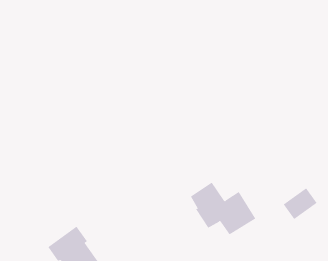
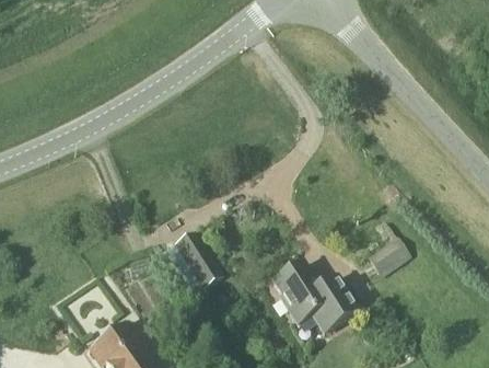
building: none -> [174,232,220,287]
building: [283,188,318,220] -> [365,237,410,278]

